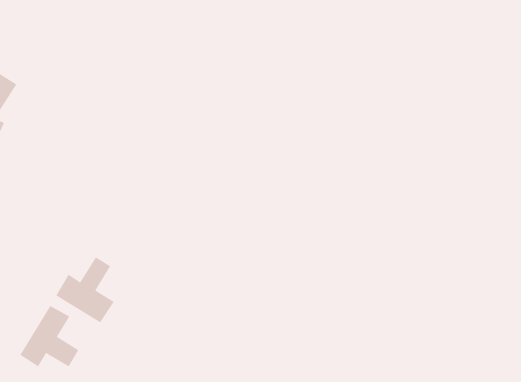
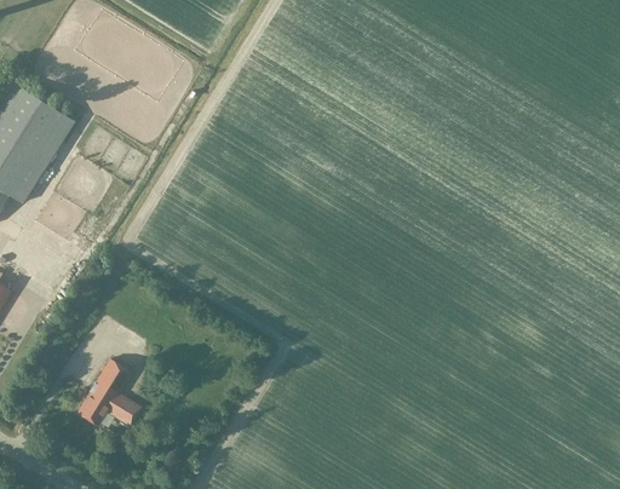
building: [56,257,114,323] -> none

